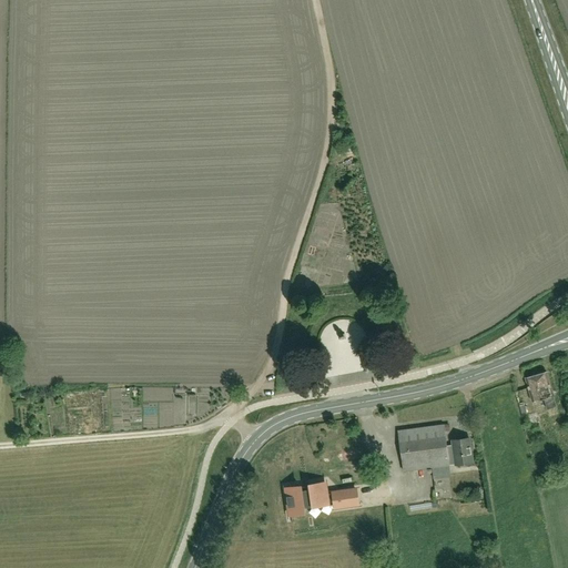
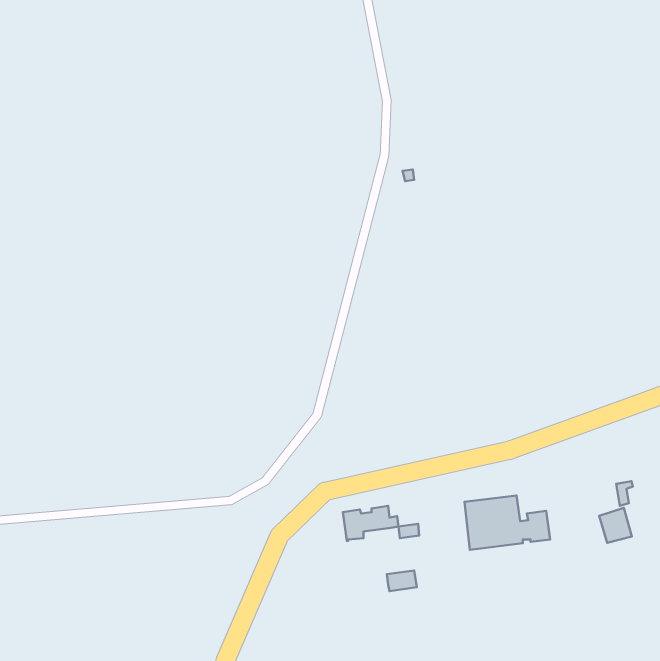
building: [525,372,552,402] -> [599,508,632,543]
building: [285,484,333,514] -> [343,506,399,541]

